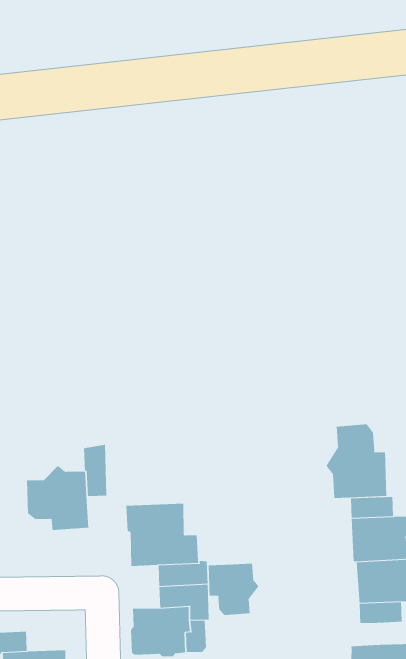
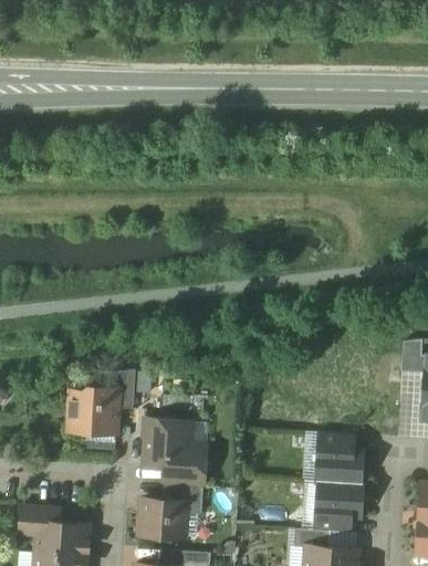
building: [326,424,387,499] -> none
building: [208,563,259,616] -> none
building: none -> [293,528,330,548]

